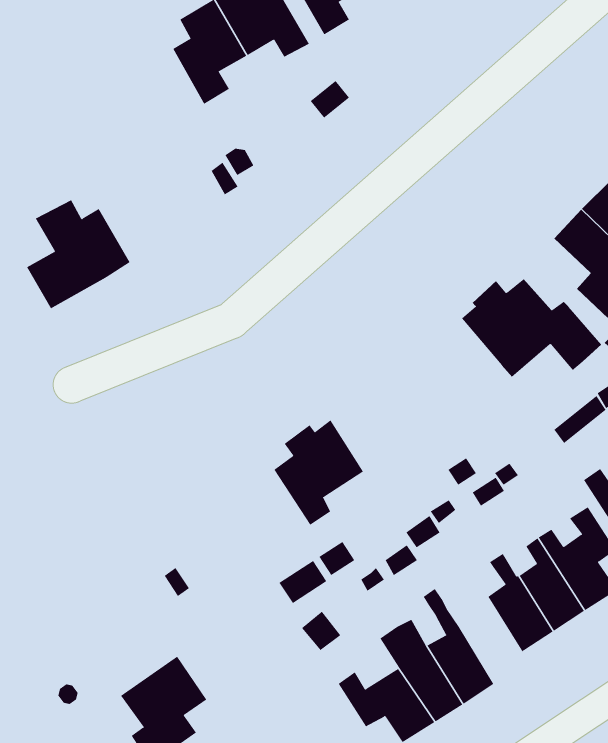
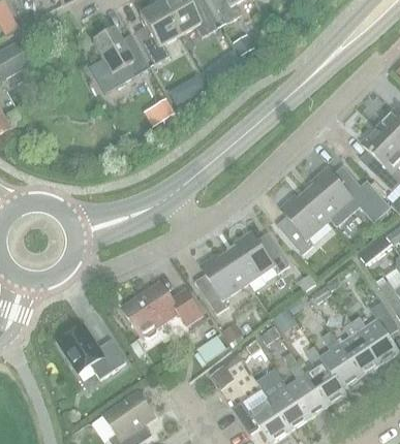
building: [26,199,131,309] -> [86,28,148,93]
building: none -> [276,190,330,253]
building: none -> [228,230,289,281]
building: none -> [122,281,202,337]
building: none -> [58,323,126,378]
building: none -> [305,345,346,406]

